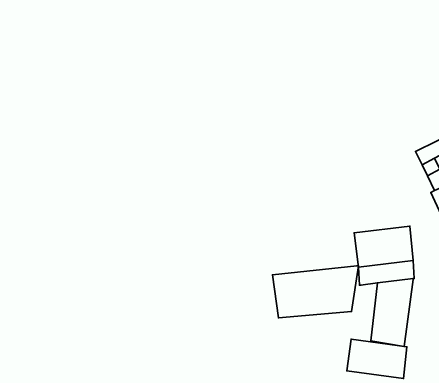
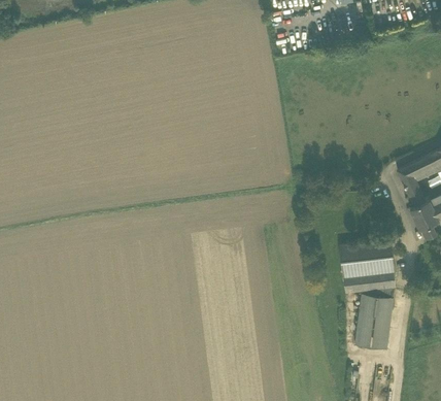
building: [272,266,358,318] -> none
building: [347,339,407,378] -> none

